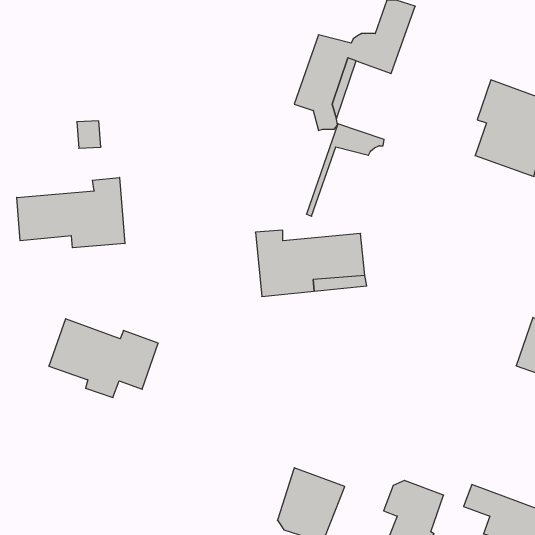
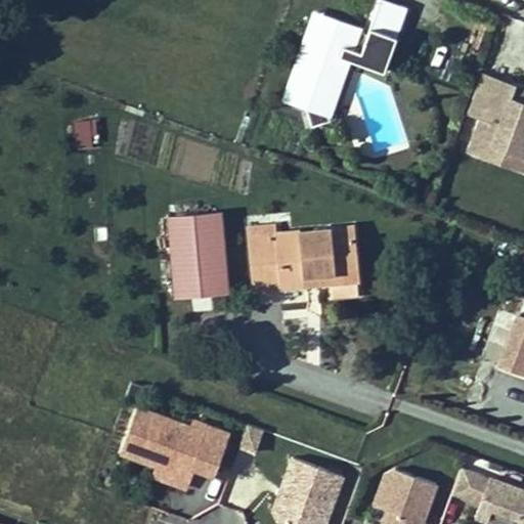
building: [306,124,384,216] -> [283,13,359,103]
building: [17,177,125,248] -> none
building: none -> [172,215,230,297]
building: [49,319,158,398] -> [123,410,229,487]

